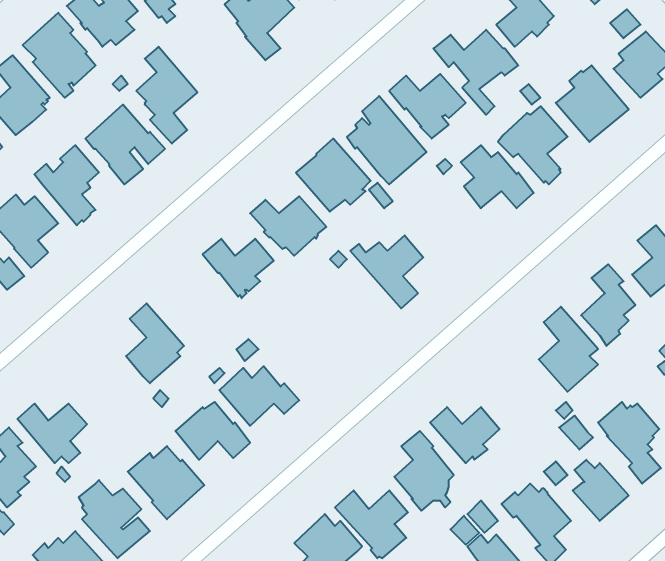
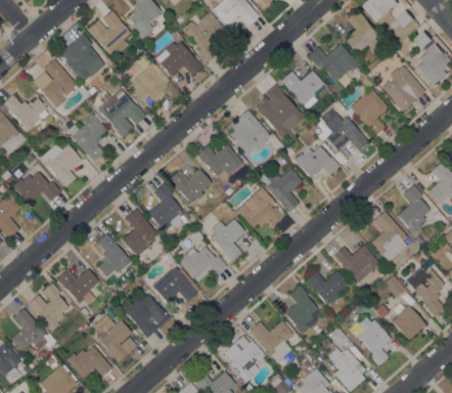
building: none -> [155,41,201,76]
building: none -> [293,145,340,177]
building: none -> [148,182,181,231]
building: none -> [234,186,284,227]
building: none -> [210,218,244,261]
building: none -> [97,232,131,276]
building: none -> [334,245,379,281]

